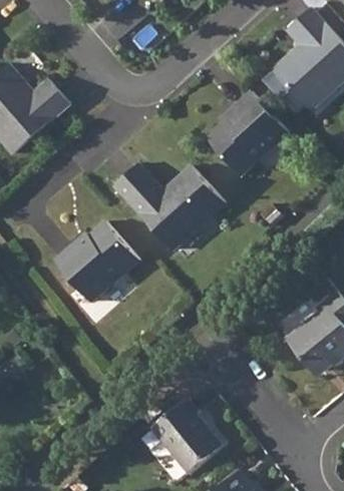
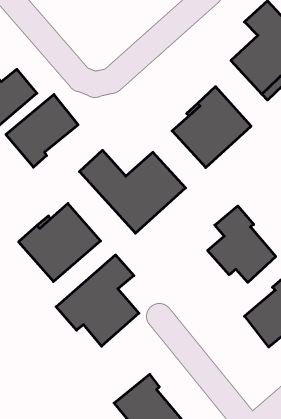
building: none -> [6,94,78,167]
building: none -> [208,206,276,282]
building: none -> [56,255,139,346]

